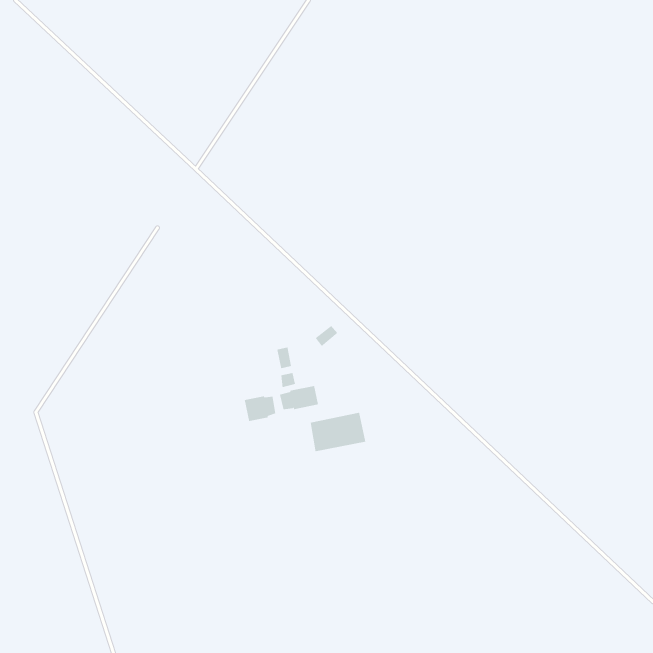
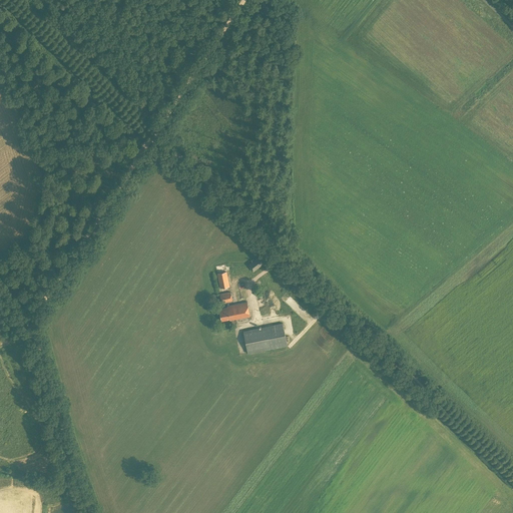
building: [244,395,276,422] -> none

